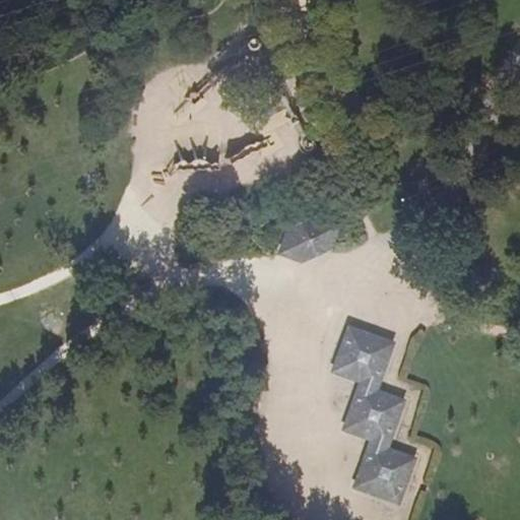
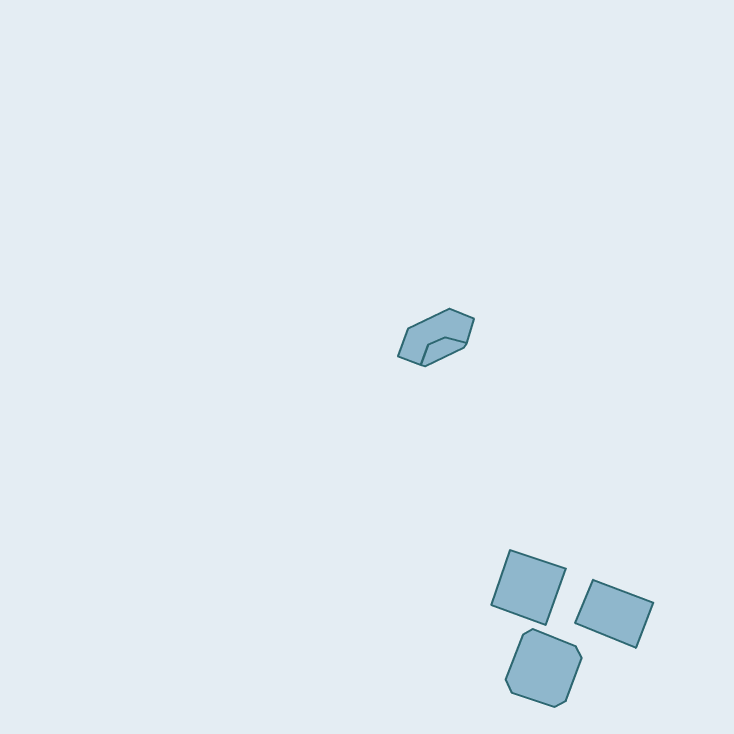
building: [336,331,389,384] -> none
building: none -> [575,580,653,648]

